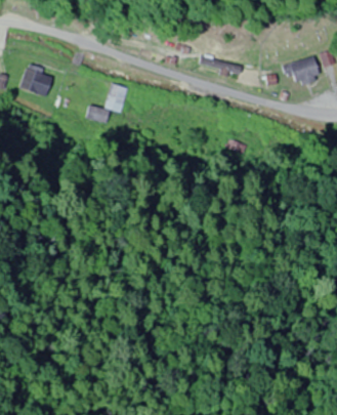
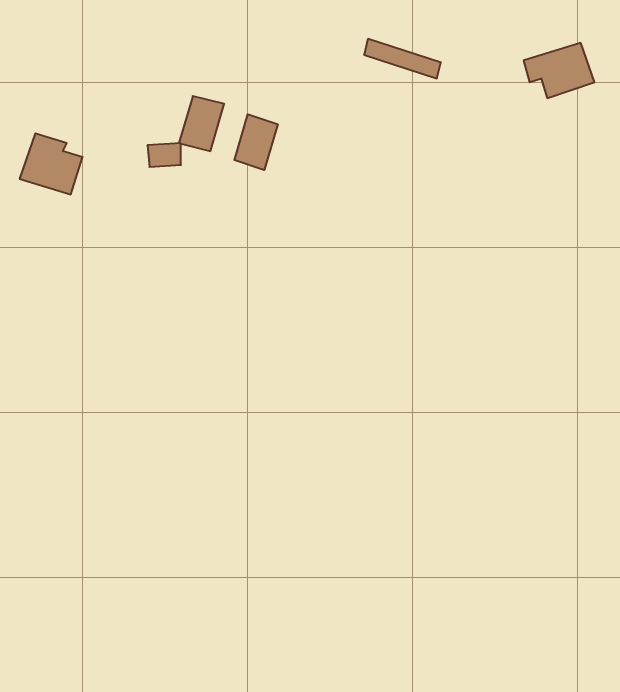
building: [19,64,52,95] -> [20,133,83,194]
building: none -> [234,114,278,170]

